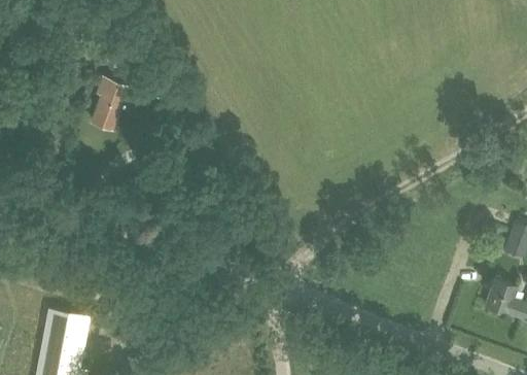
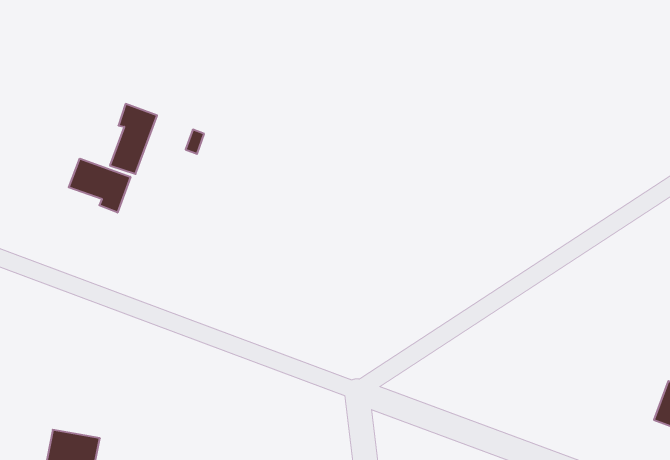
building: none -> [69,159,130,213]

